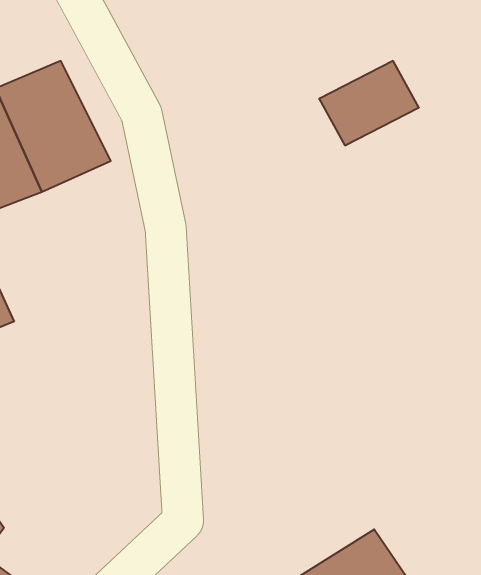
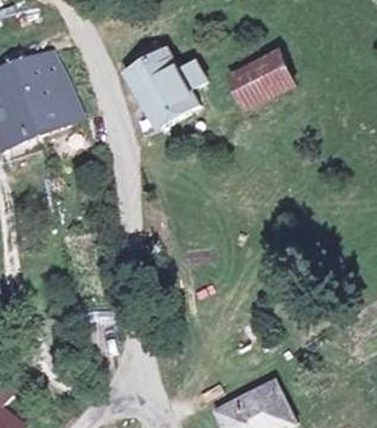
building: none -> [124,52,207,124]

